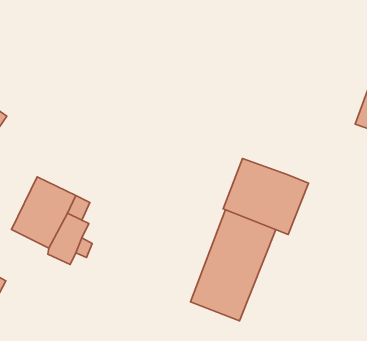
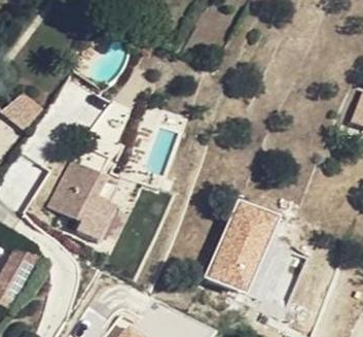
building: [223,159,308,234] -> none

